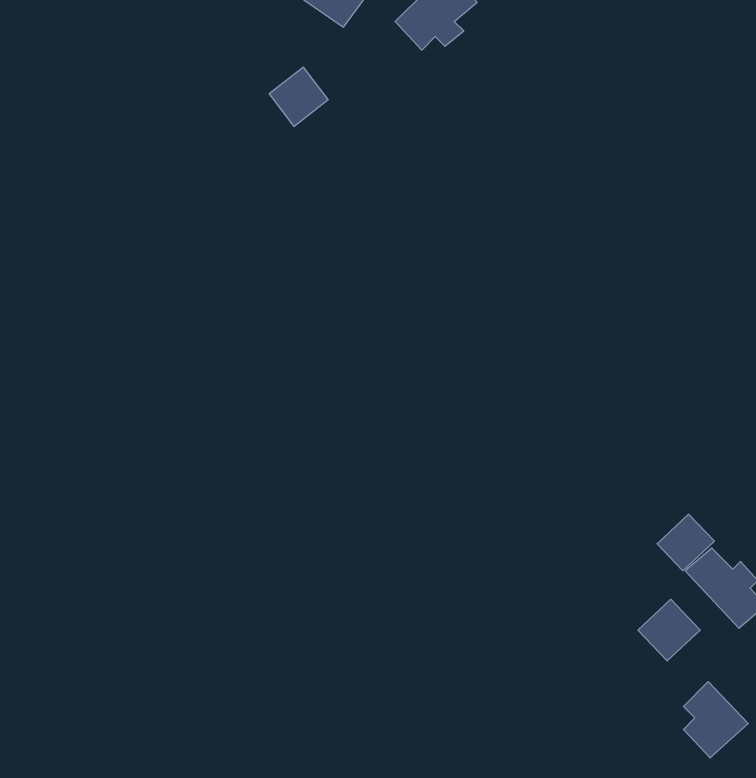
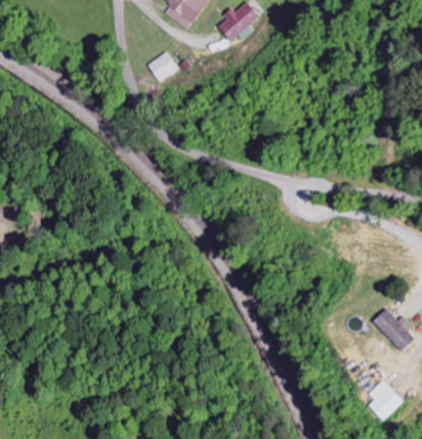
building: [657,514,714,571] -> none
building: [638,599,700,661] -> none

